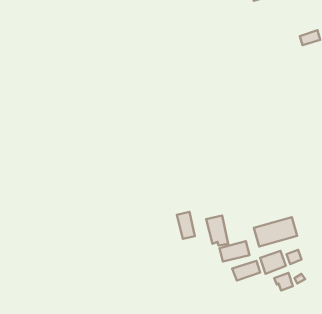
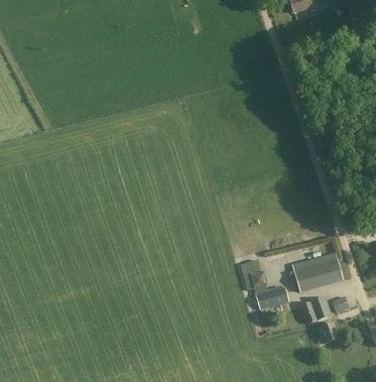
building: [177,212,195,239] -> none
building: [232,261,260,281] -> none

